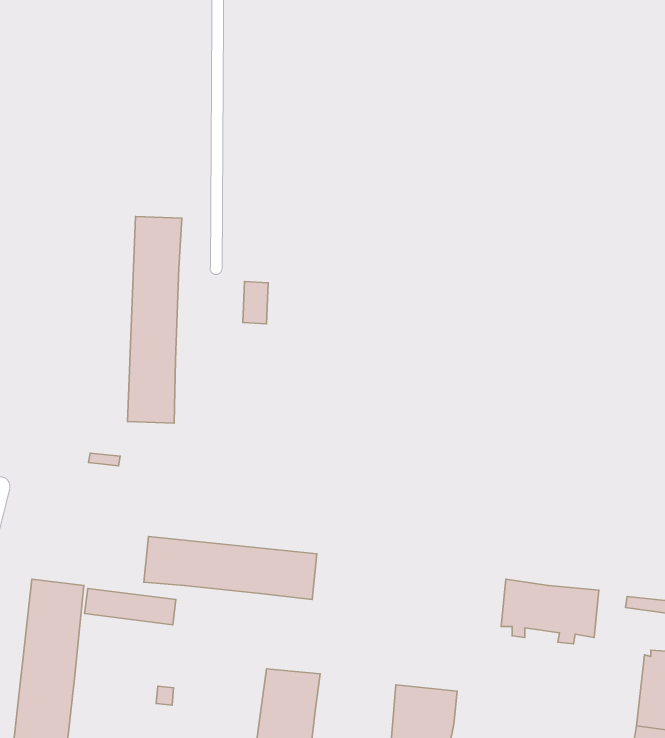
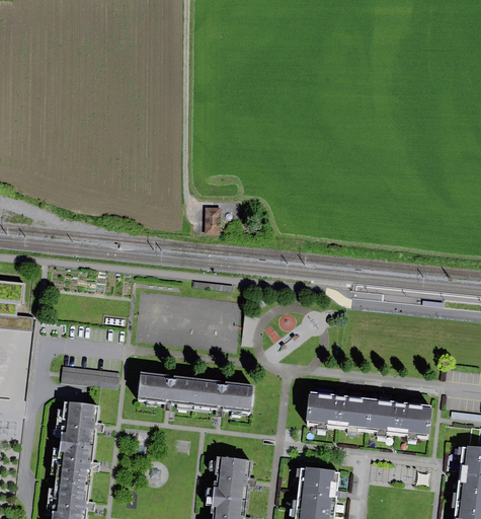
building: [128,217,182,423] -> none
building: none -> [306,392,371,434]
building: [85,588,176,625] -> [59,366,117,389]

